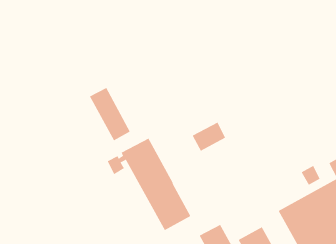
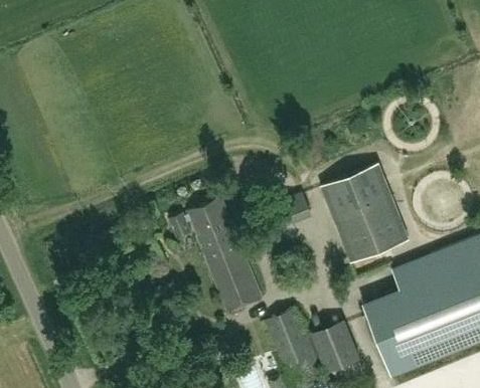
building: [89,87,131,141] -> none
building: none -> [321,164,409,263]

